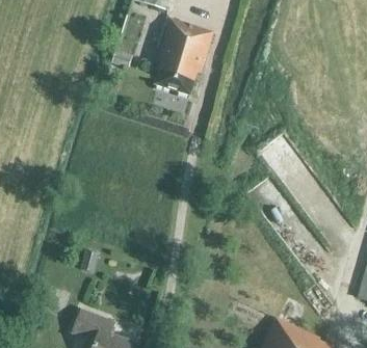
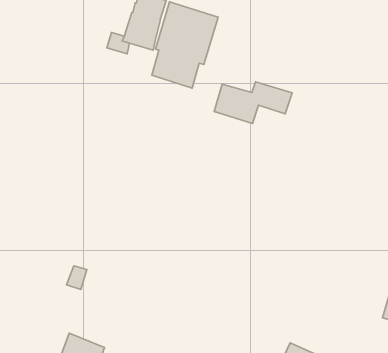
building: none -> [214,82,292,123]

